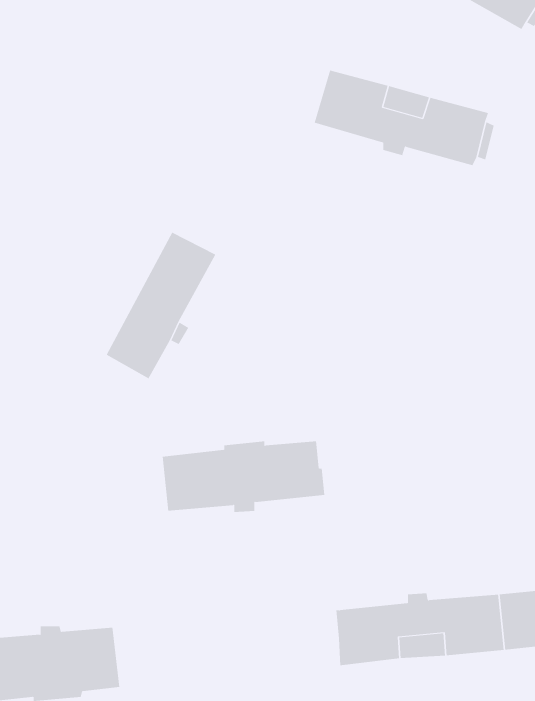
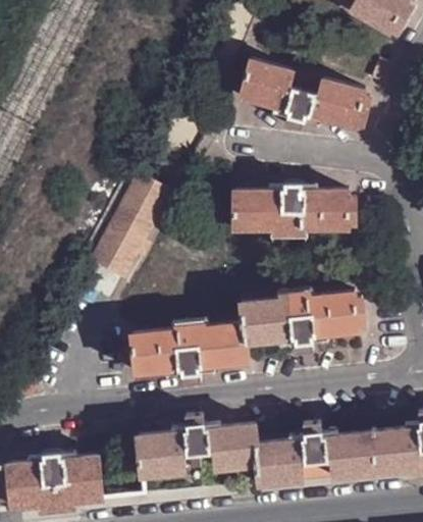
building: none -> [232,186,353,234]
building: none -> [239,293,362,345]
building: none -> [137,424,257,476]

